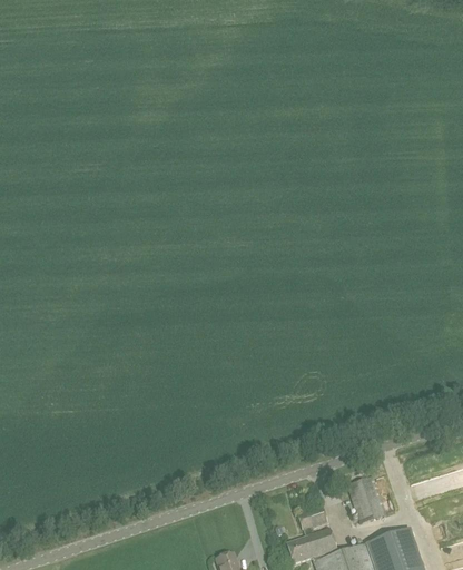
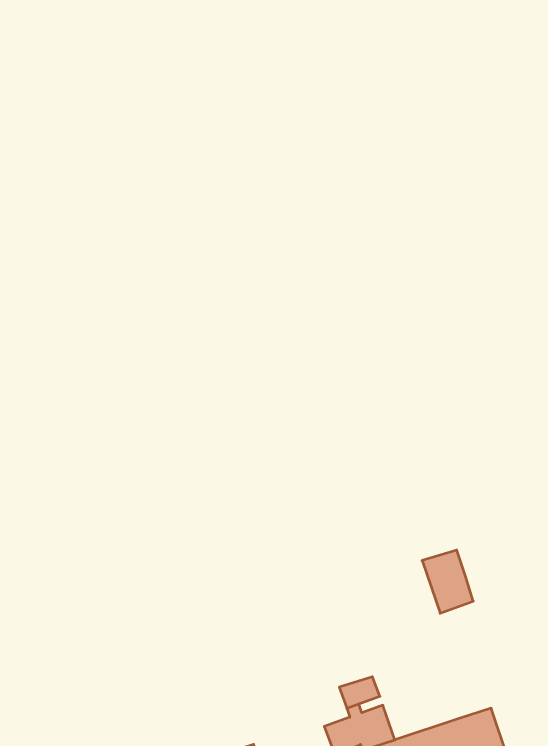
building: [347,478,385,524] -> [422,550,473,613]

